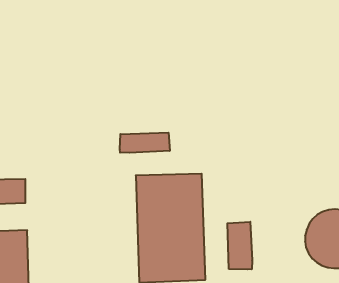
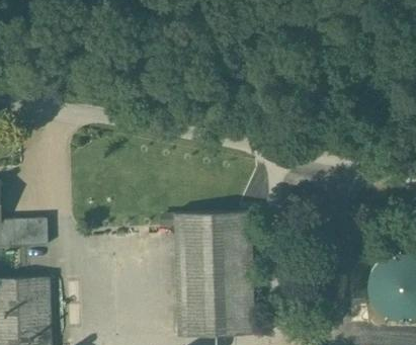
building: [120,133,170,153] -> none
building: [227,222,252,269] -> none

